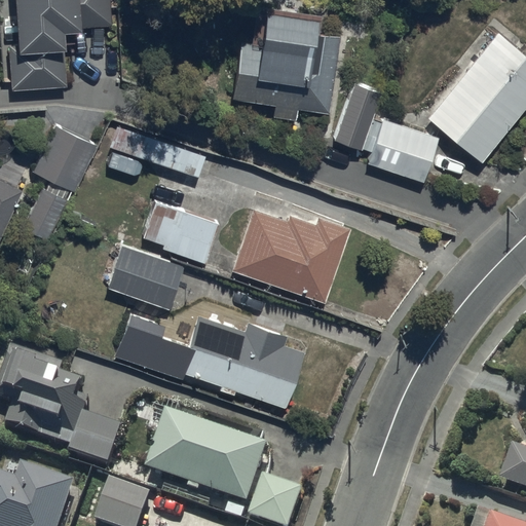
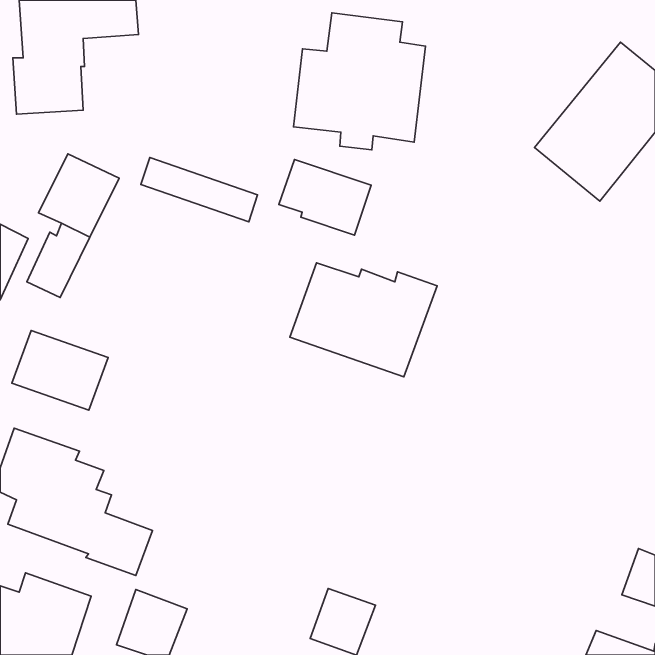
building: [336,83,438,183] -> none
building: [145,202,219,263] -> [279,159,371,235]
building: [108,248,185,311] -> [12,331,108,410]
building: [113,313,306,409] -> none
building: [143,407,266,501] -> none

